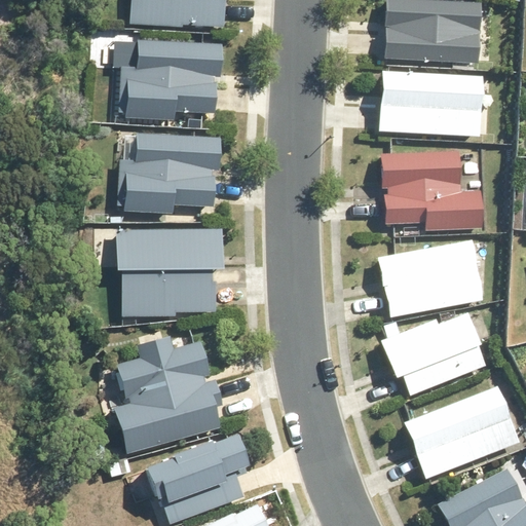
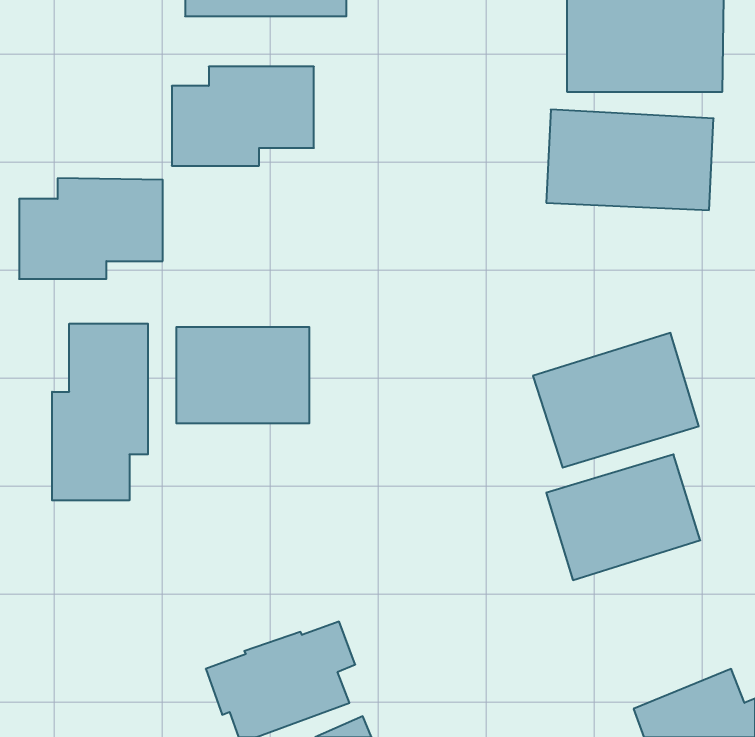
building: [120,139,220,209] -> [19,178,163,279]
building: [383,161,492,231] -> none
building: none -> [52,324,148,500]
building: [106,329,228,454] -> none
building: [405,389,520,483] -> none

